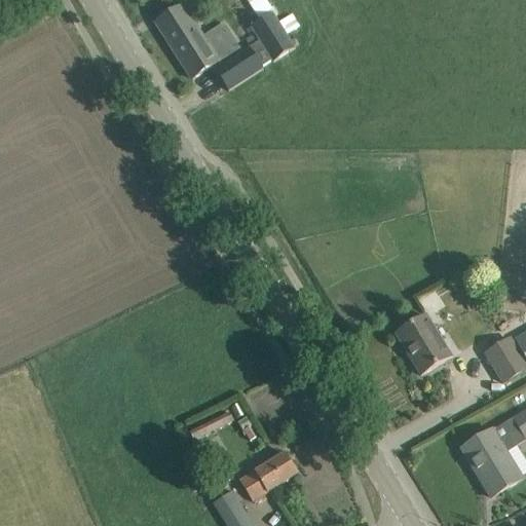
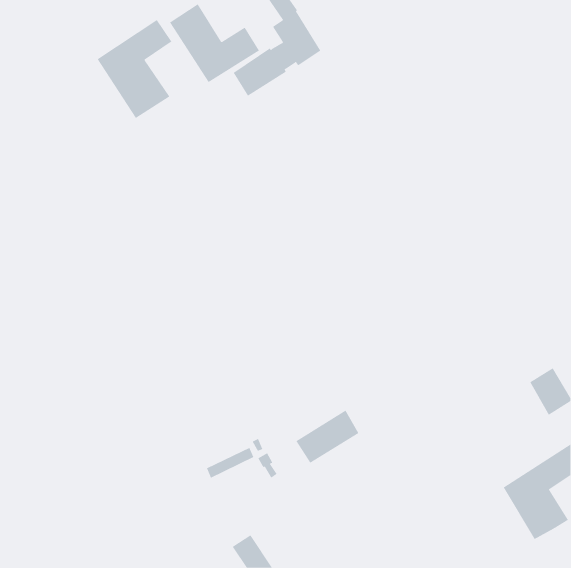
building: none -> [97,19,172,119]
building: [396,313,451,373] -> none
building: [238,450,297,499] -> [295,410,359,463]

